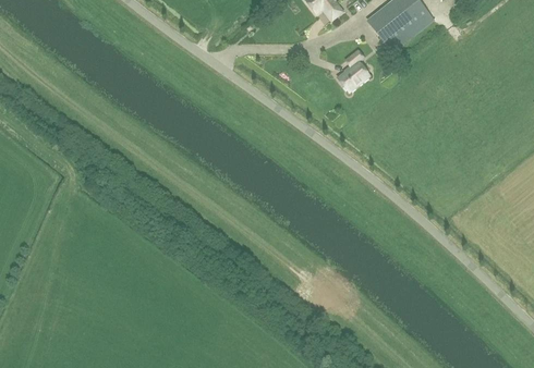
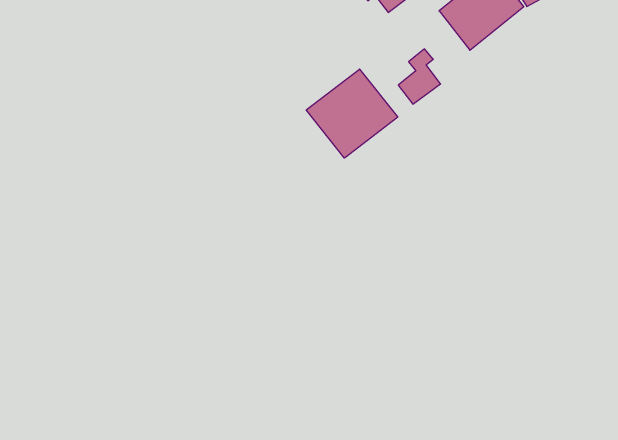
building: none -> [306,69,398,158]

